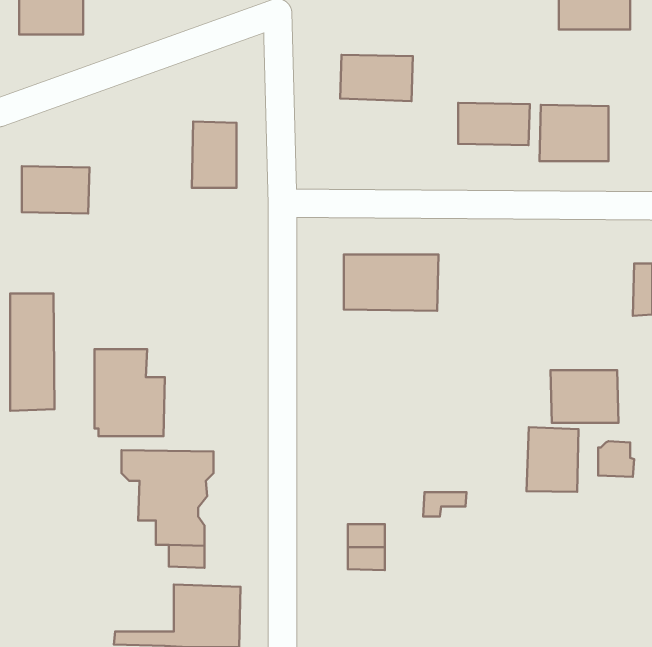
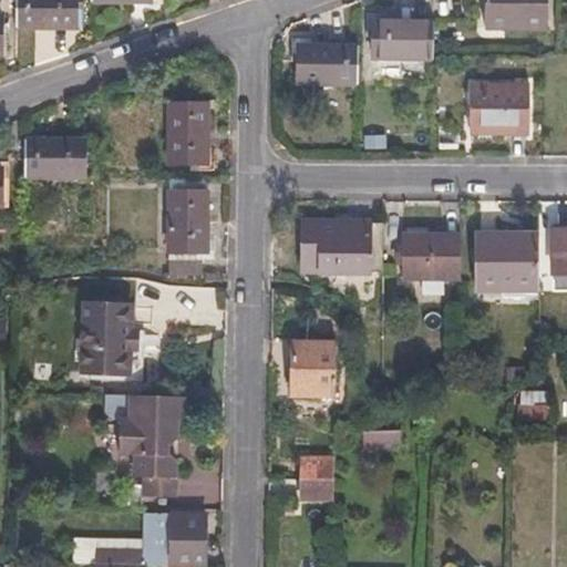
building: [458,103,530,145] -> [367,23,429,60]
building: none -> [165,195,204,254]
building: none -> [402,237,458,281]
building: [10,294,54,411] -> none
building: [551,370,618,423] -> [477,237,536,282]
building: none -> [291,340,334,394]
building: [527,427,578,492] -> none

